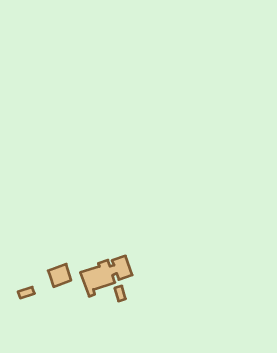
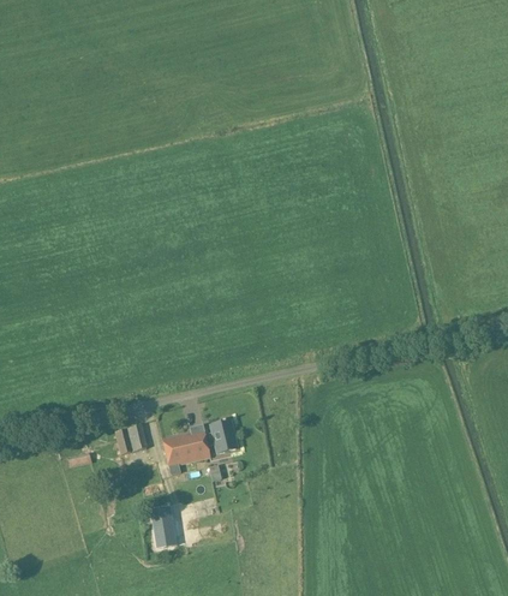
building: none -> [151,506,175,538]

